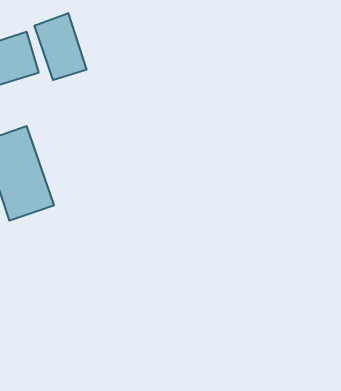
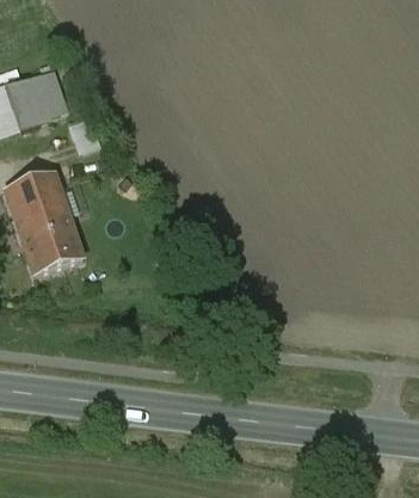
building: [35,13,86,80] -> none

